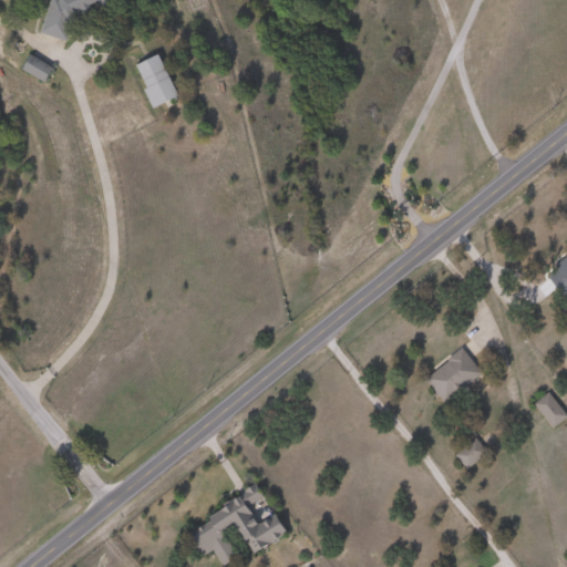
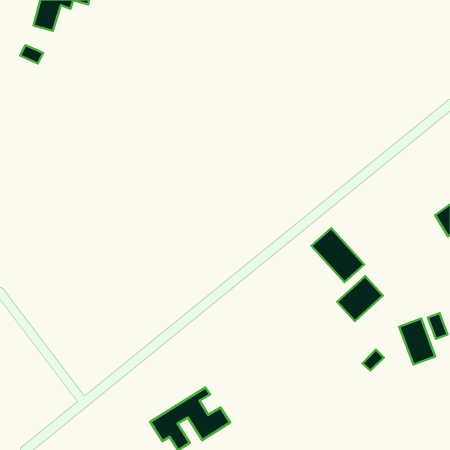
building: [135,53,181,106] -> none
building: none -> [312,228,364,282]
building: none -> [399,319,435,365]

